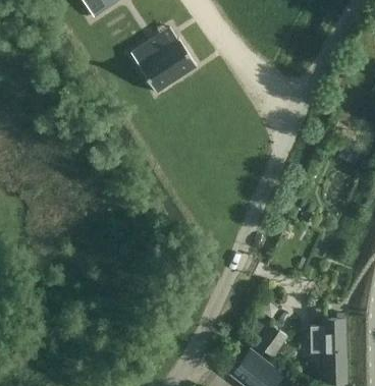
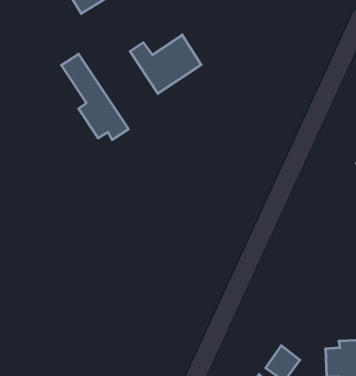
building: none -> [61,54,128,140]

